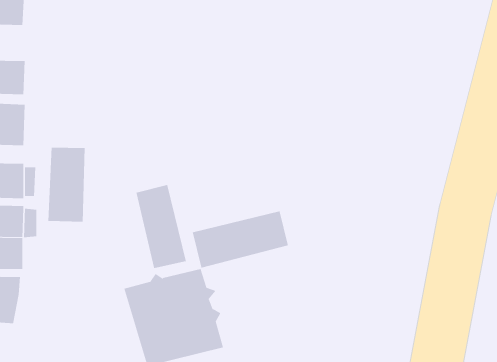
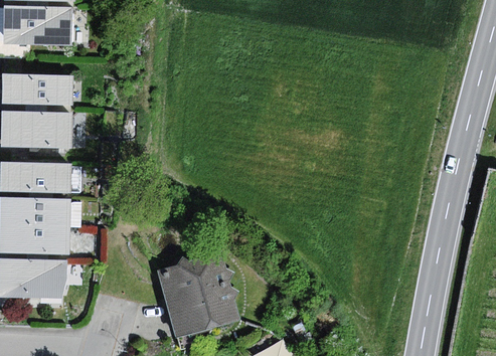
building: [48,147,85,222] -> none
building: [136,184,187,269] -> none
building: [192,210,288,268] -> none

